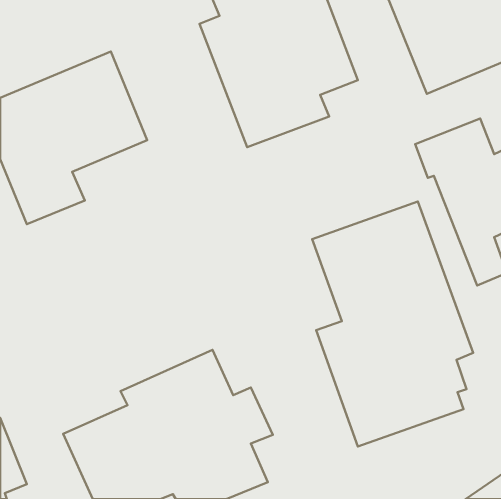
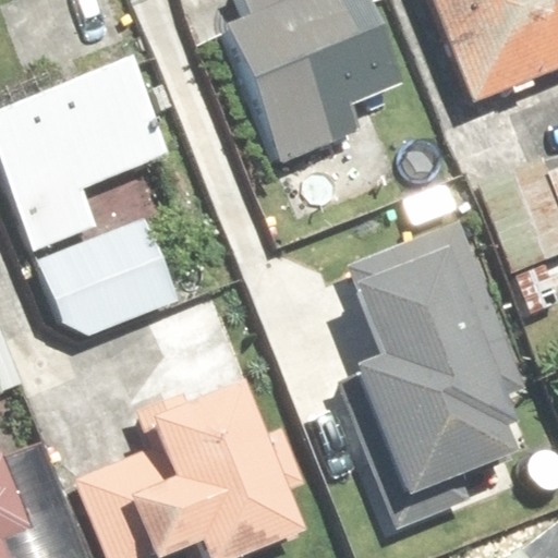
building: none -> [37,220,177,336]

